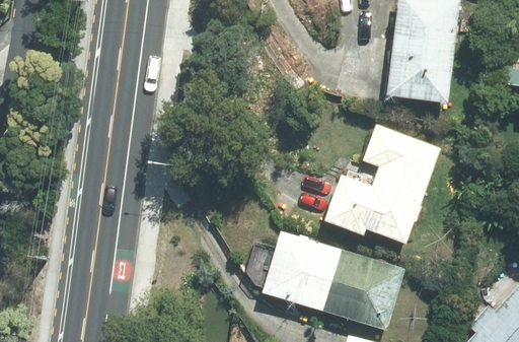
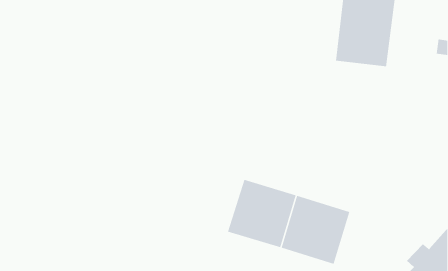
building: [325,125,440,242] -> none

